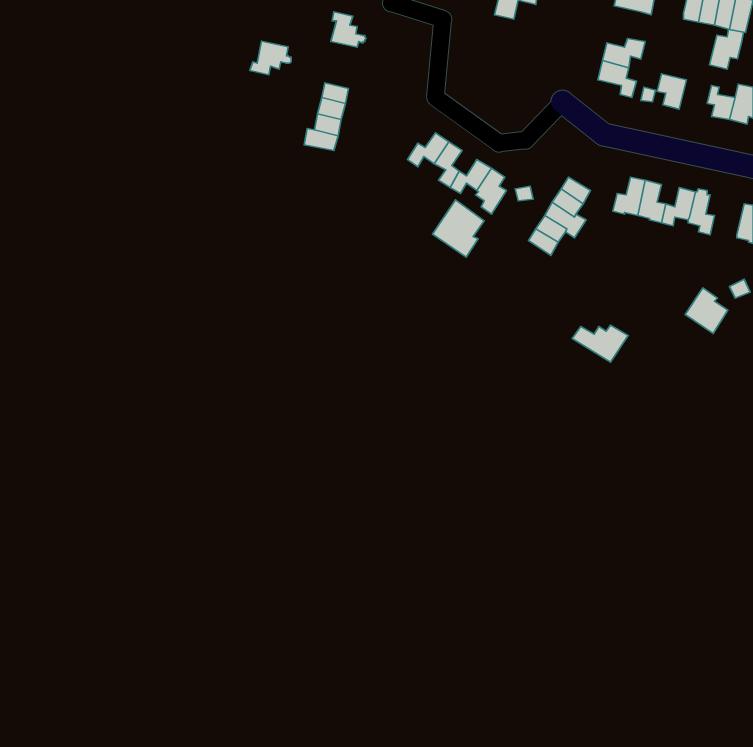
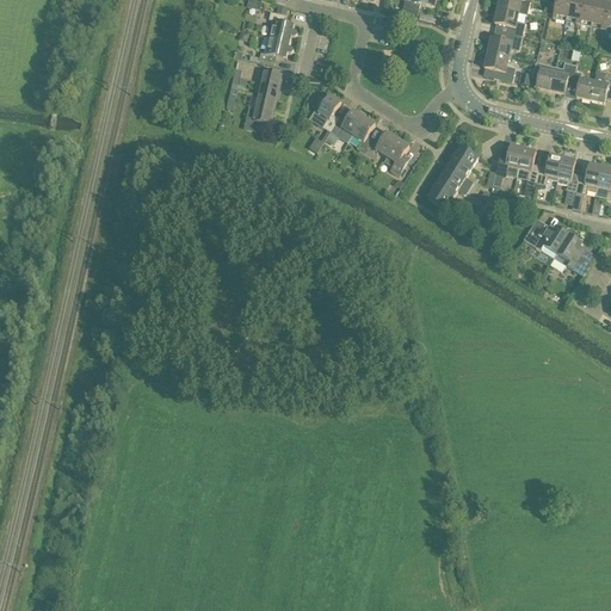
building: none -> [494,5,524,33]
building: [709,29,743,69] -> [549,60,576,92]
building: [250,41,291,75] -> [258,33,291,61]
building: none -> [309,92,340,129]
building: none -> [573,161,601,197]
building: [433,200,484,257] -> none
building: [572,325,628,362] -> [523,224,568,254]

